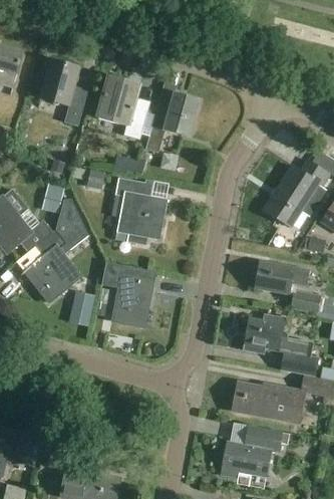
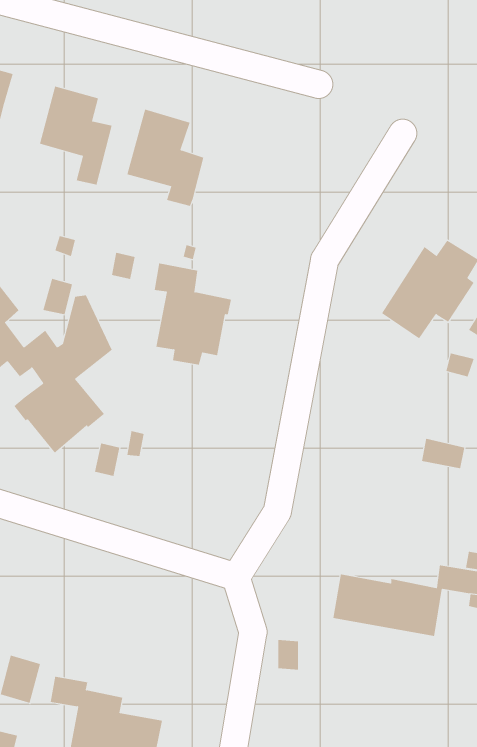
building: [145,93,199,152] -> none
building: [101,261,150,326] -> none
building: [255,261,309,295] -> none
building: [244,314,318,376] -> none
building: [222,425,283,478] -> none

